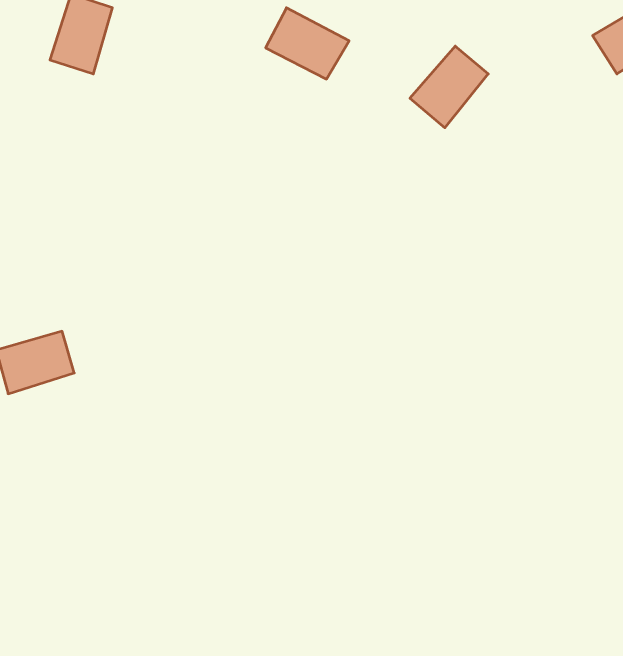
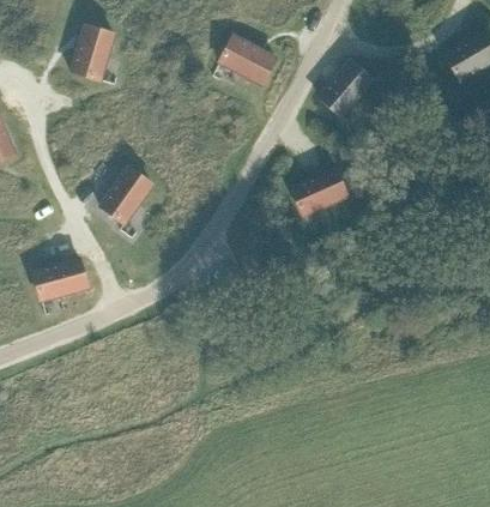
building: none -> [99,168,153,224]
building: none -> [290,169,347,217]

